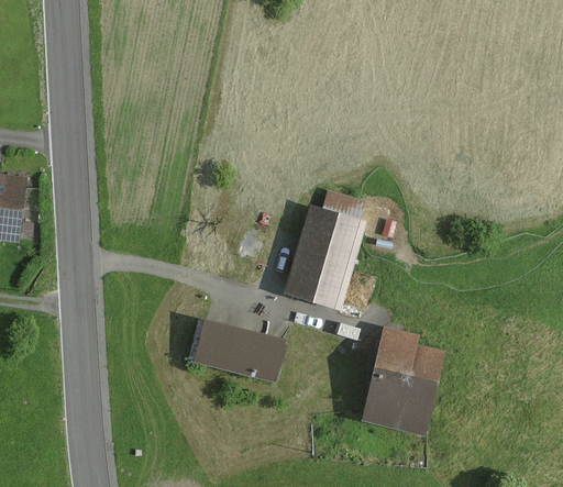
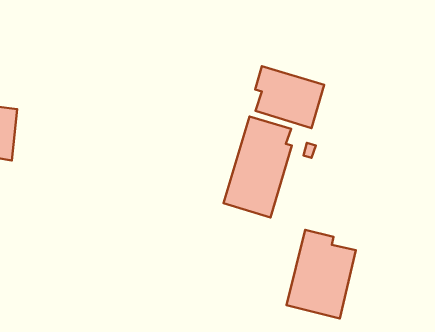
building: none -> [255,66,324,128]
building: [187,319,280,379] -> none

